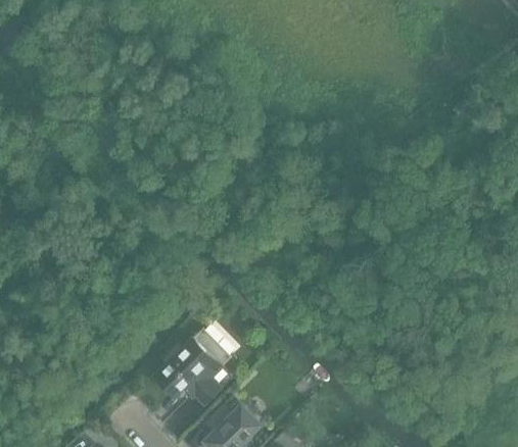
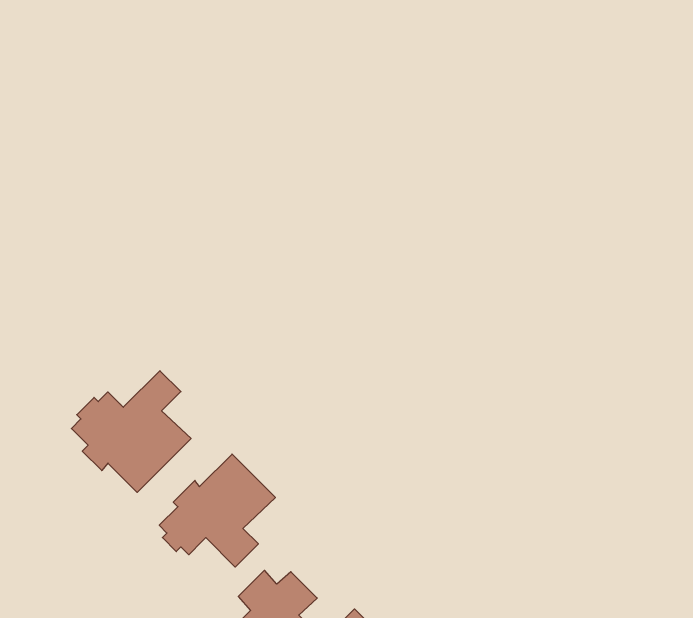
building: none -> [71,371,191,492]

